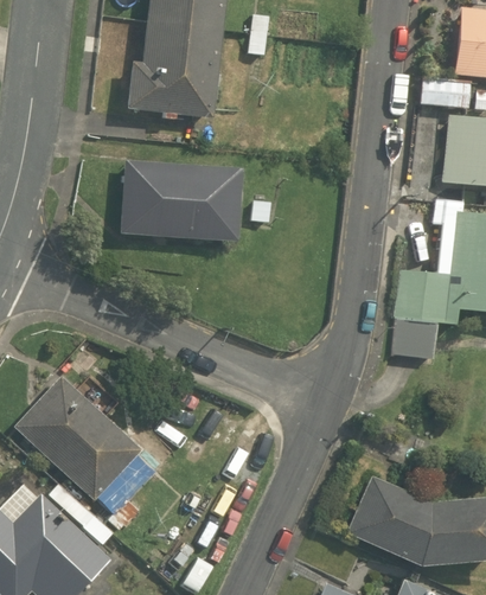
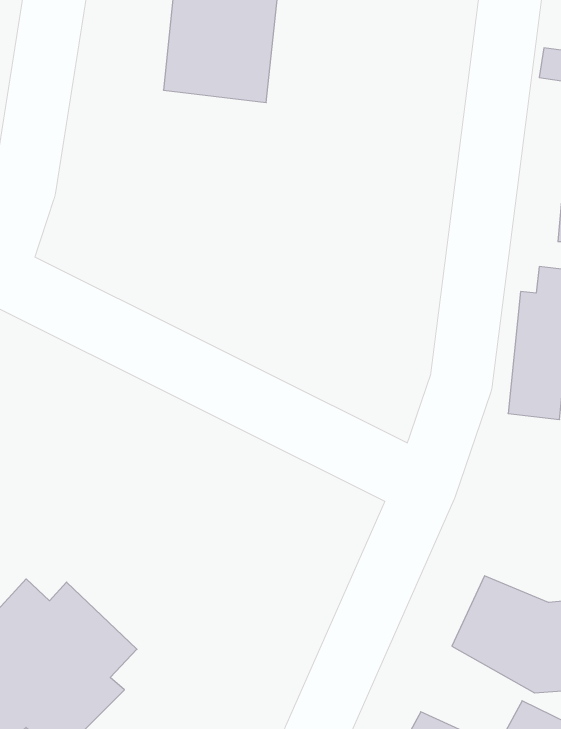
building: [127,160,242,239] -> none
building: [15,379,139,499] -> none

